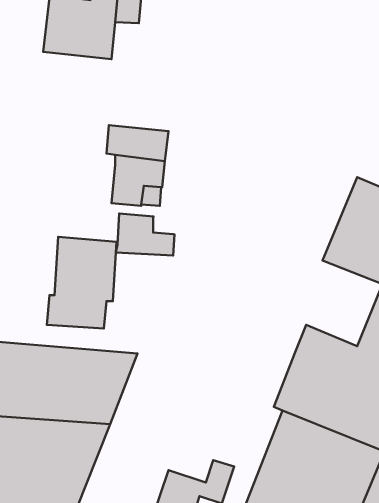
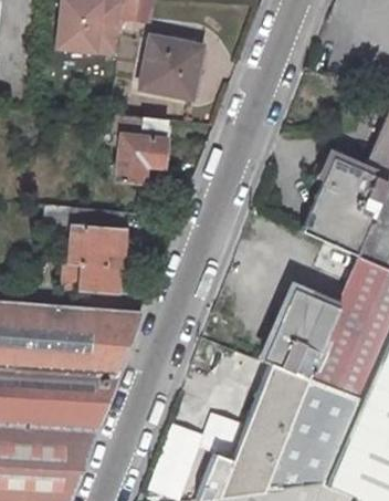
building: none -> [140,44,199,102]
building: [116,214,174,256] -> none

